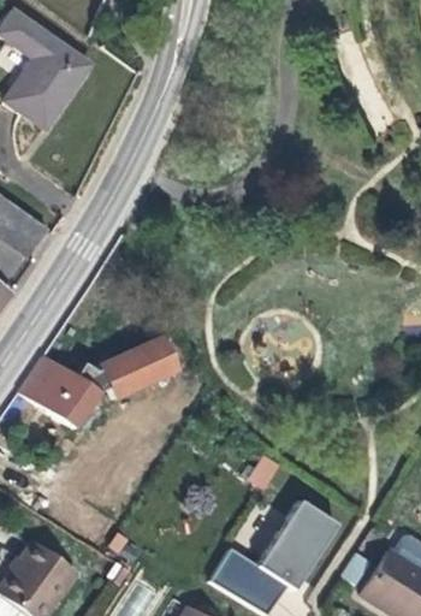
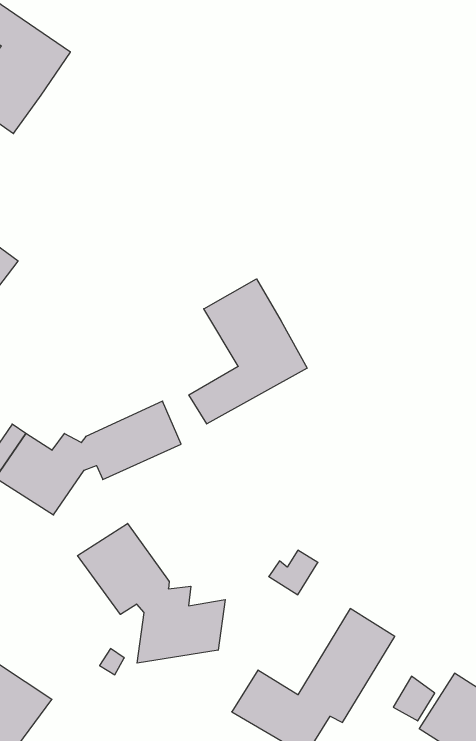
building: none -> [189,279,307,424]
building: none -> [78,523,225,663]

